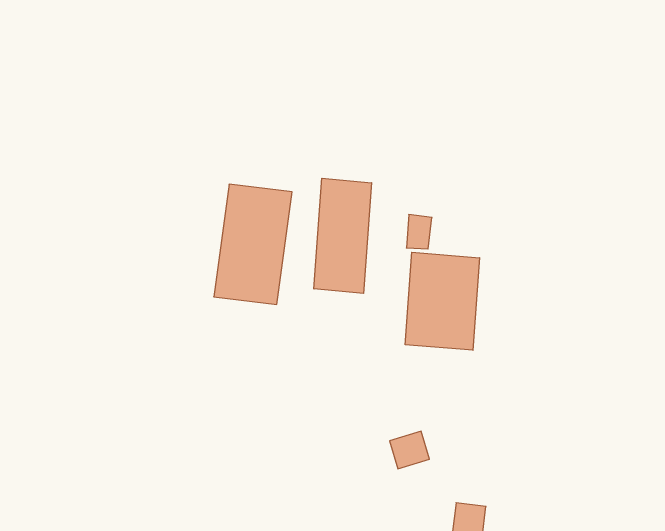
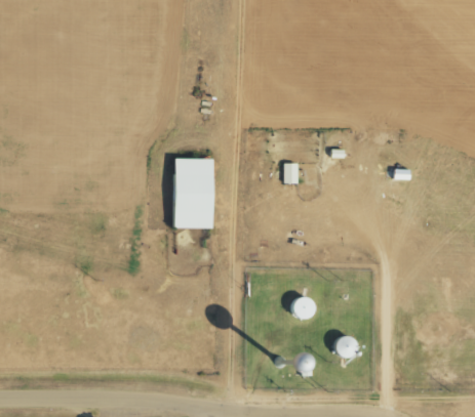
building: [314,178,372,293] -> none
building: [405,252,480,350] -> none

